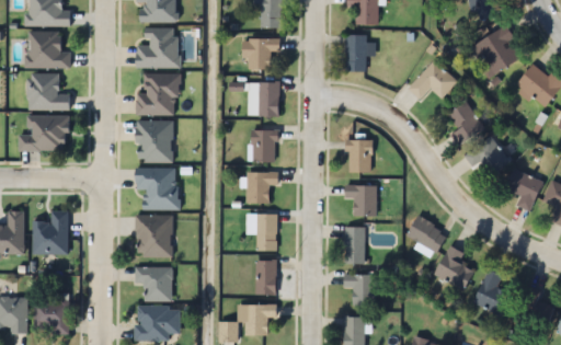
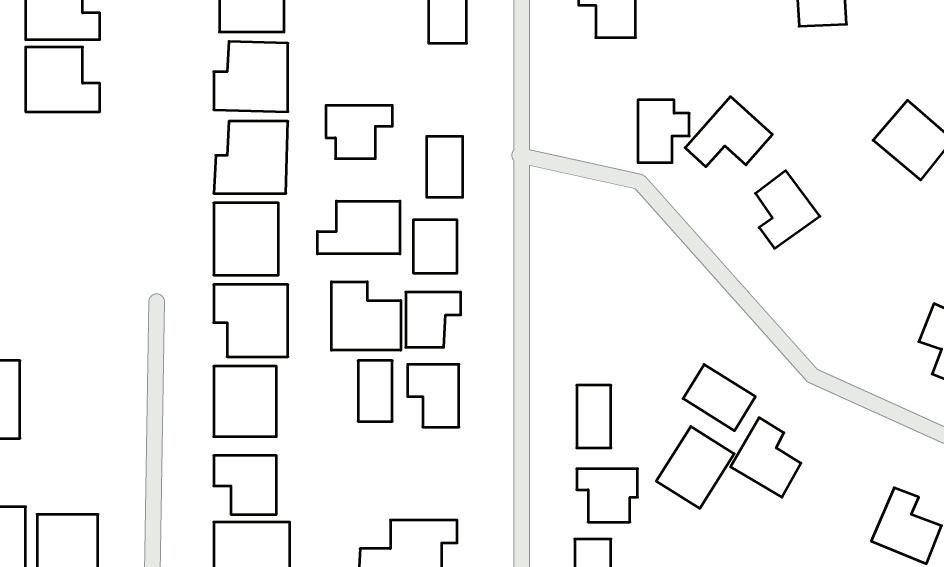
building: [470,25,520,79] -> none
building: [346,35,376,71] -> [638,100,689,163]
building: [242,38,280,69] -> [326,105,392,159]
building: [28,74,70,110] -> none
building: [19,116,68,151] -> none
building: none -> [317,201,400,254]
building: [465,139,506,174] -> none
building: [350,140,371,172] -> none
building: none -> [331,282,401,350]
building: [504,168,543,210] -> none
building: [344,185,377,215] -> none
building: [34,211,68,254] -> none
building: none -> [656,426,734,508]
building: [256,258,276,294] -> [358,361,392,421]
building: [473,268,510,314] -> none

